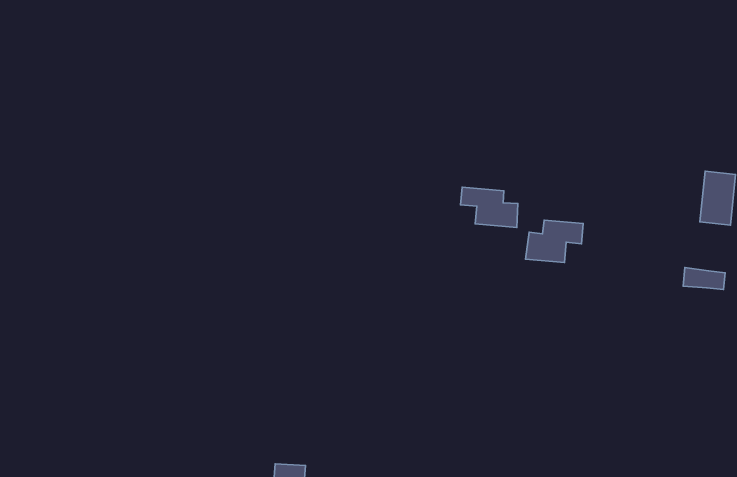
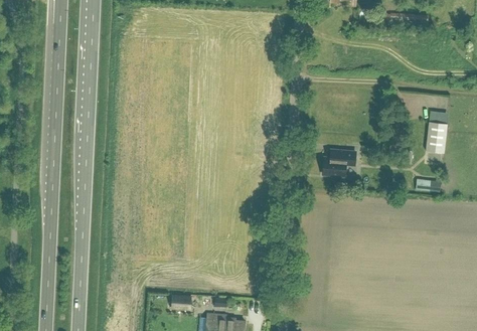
building: [461,187,518,228] -> none

